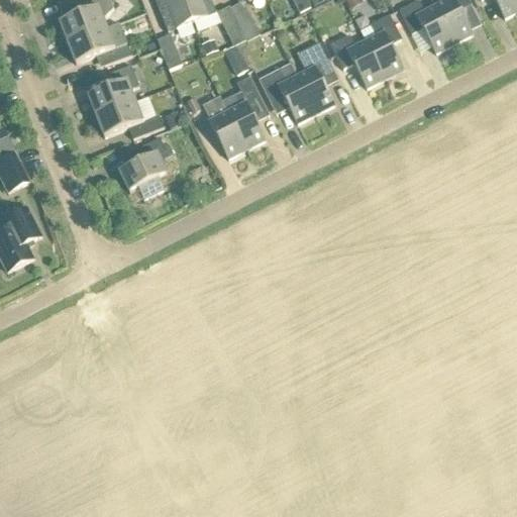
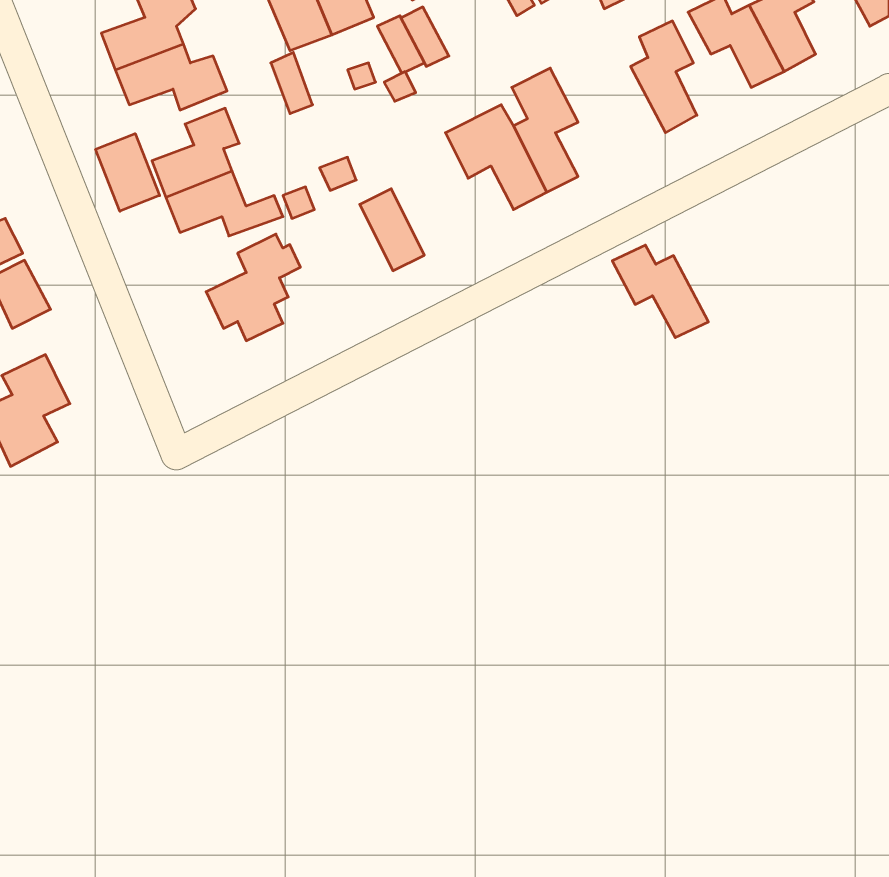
building: [329,32,385,86] -> [612,245,708,338]
building: [220,74,266,147] -> none
building: none -> [96,134,160,211]

